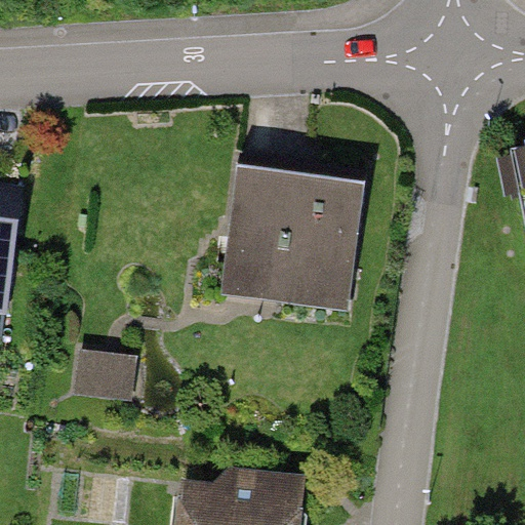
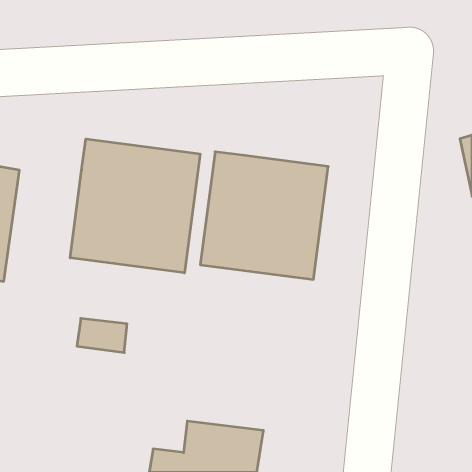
building: none -> [70,139,200,273]

